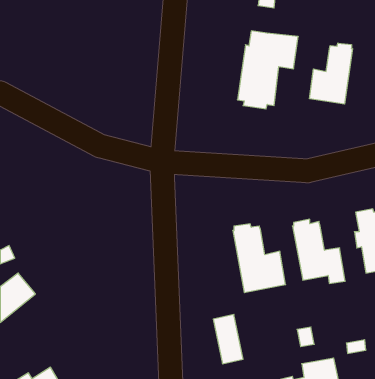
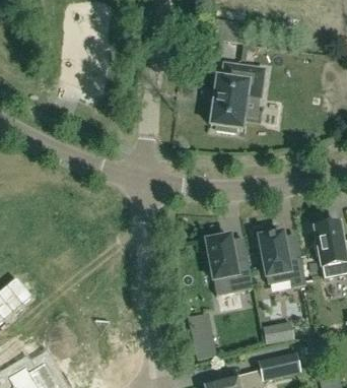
building: [310,43,352,104] -> none

